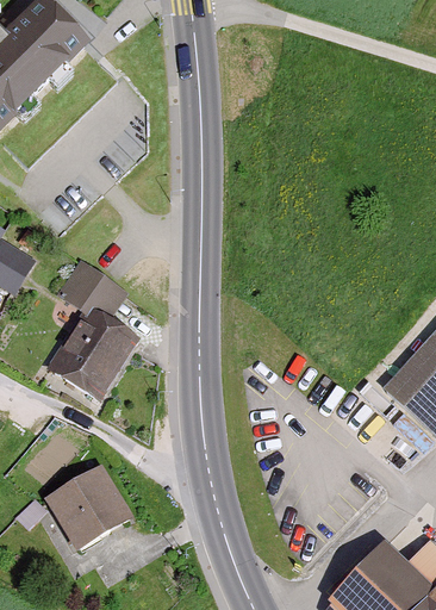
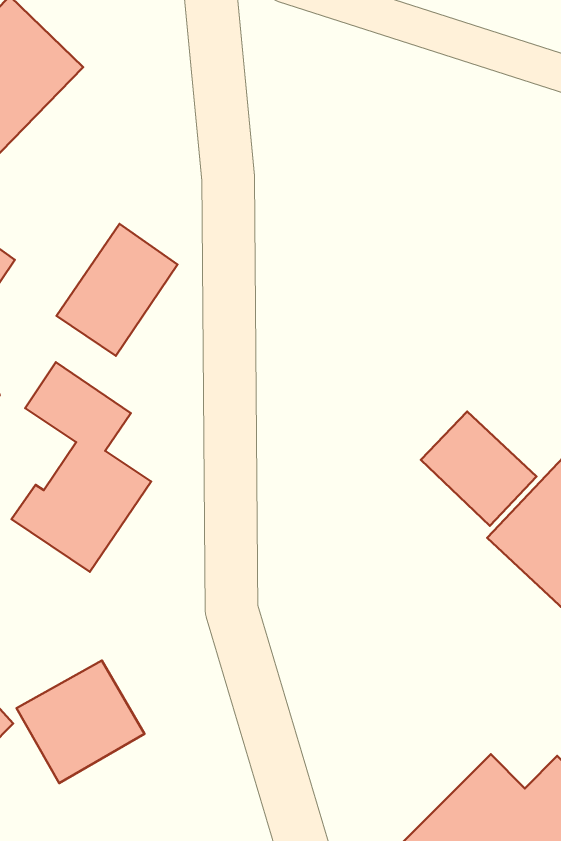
building: none -> [56,224,177,356]
building: none -> [421,412,537,526]

